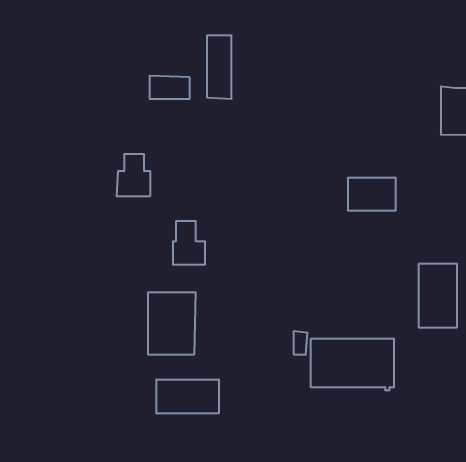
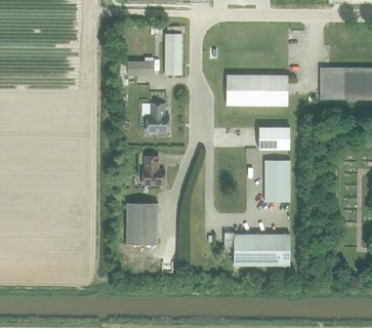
building: none -> [225,74,288,106]
building: [116,154,150,196] -> [146,104,168,131]
building: [419,264,457,327] -> [264,160,290,202]
building: [156,379,219,413] -> none

